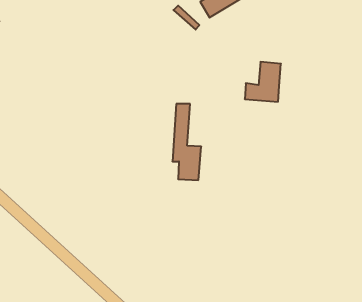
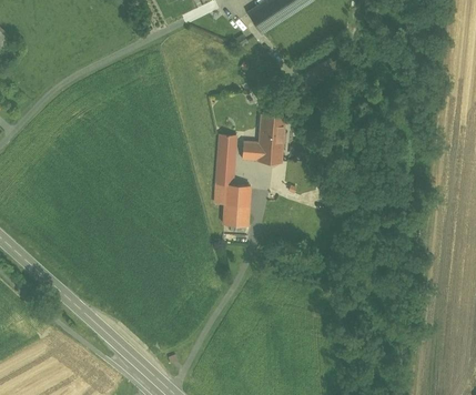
building: [245,62,281,102] -> [242,114,285,162]

